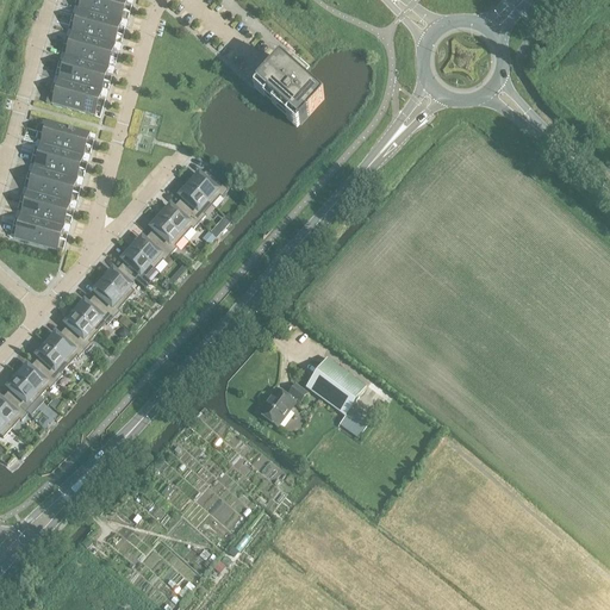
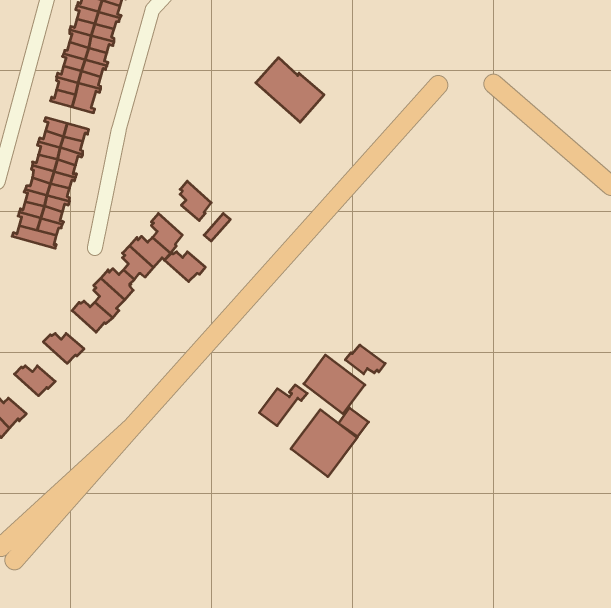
building: [186,169,226,201] -> none
building: [157,204,198,234] -> [165,252,205,282]
building: [64,309,95,347] -> none
building: [36,340,67,379] -> none
building: none -> [345,345,385,374]
building: [6,372,38,411] -> none
building: none -> [291,410,357,477]

